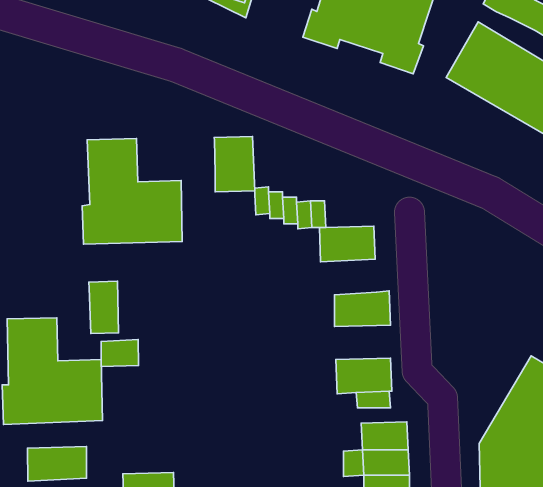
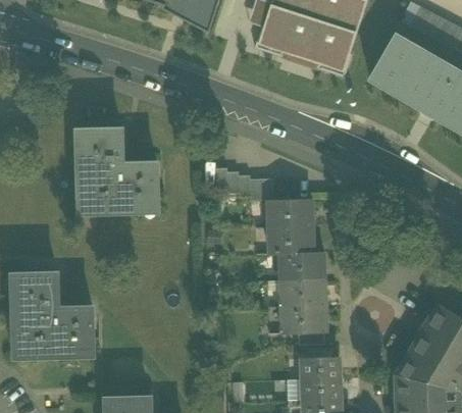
building: [214,137,255,192] -> none
building: none -> [268,225,313,254]
building: [89,281,118,333] -> none
building: none -> [279,278,324,306]
building: [101,339,138,367] -> none
building: [27,447,87,481] -> none

